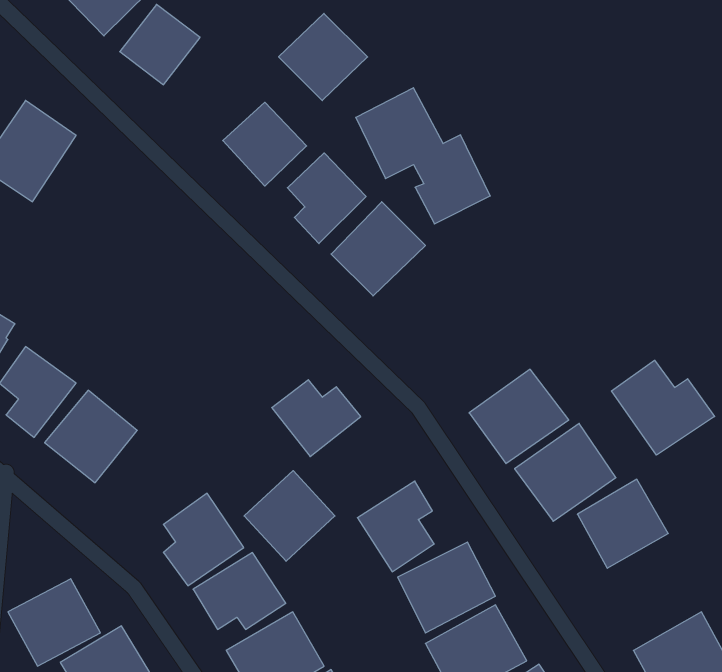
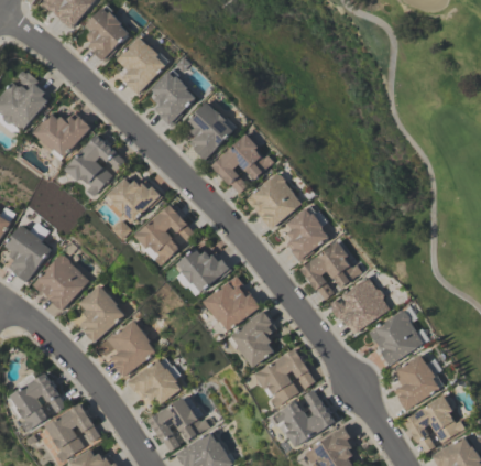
building: [279,13,368,101] -> [111,36,167,91]
building: [356,88,490,224] -> [247,174,331,260]
building: none -> [33,110,92,160]
building: none -> [64,133,127,197]
building: none -> [105,175,162,226]
building: none -> [133,203,196,265]
building: [611,360,715,455] -> none
building: none -> [74,283,125,343]
building: [244,471,335,561] -> [203,275,260,333]
building: none -> [392,353,444,410]

